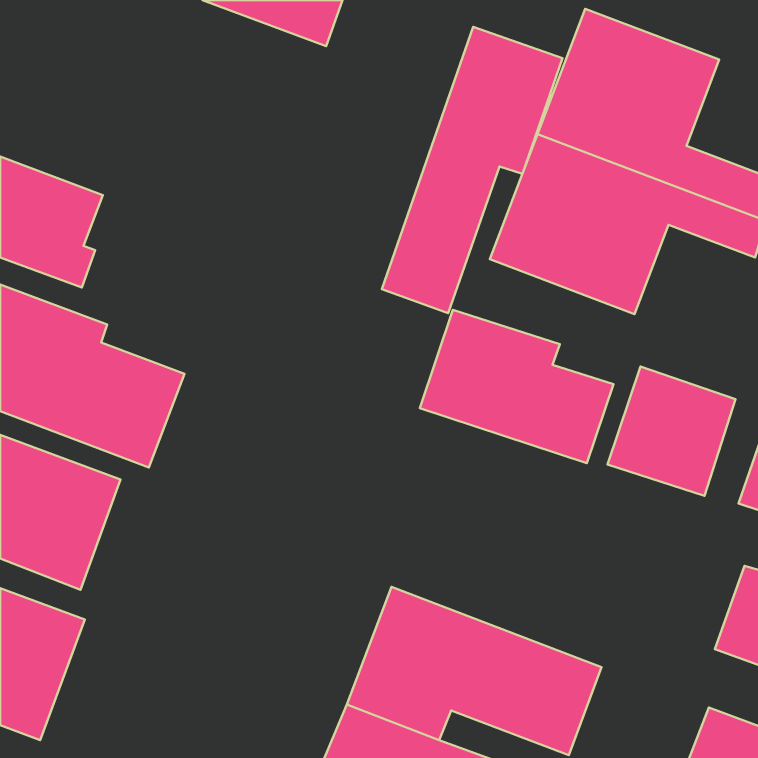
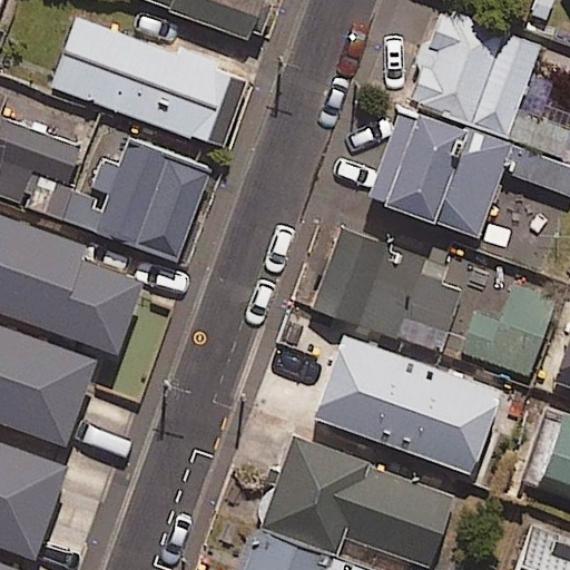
building: none -> [51,18,247,147]
building: [382,27,562,313] -> none
building: none -> [63,142,208,258]
building: none -> [314,337,498,472]

